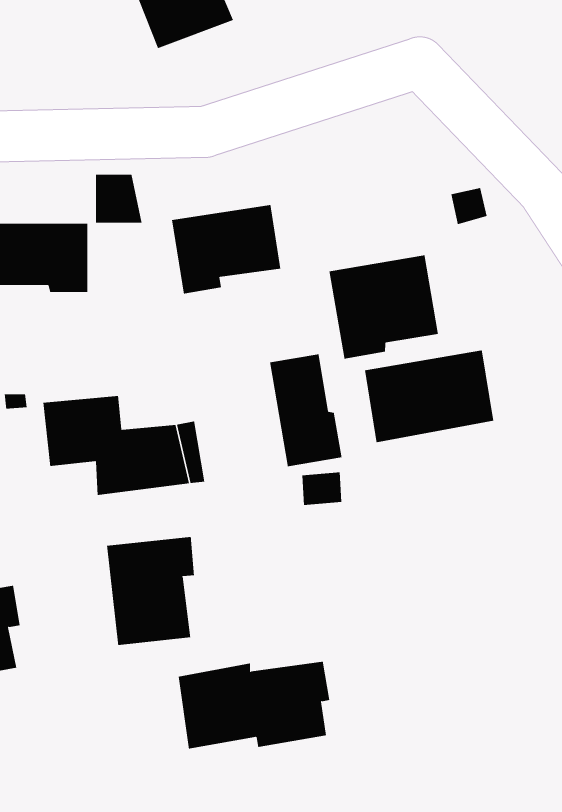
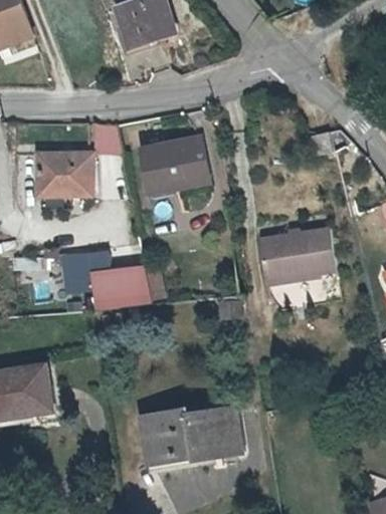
building: [329,255,438,359] -> none
building: [269,353,342,467] -> none
building: [106,536,195,646] -> none

